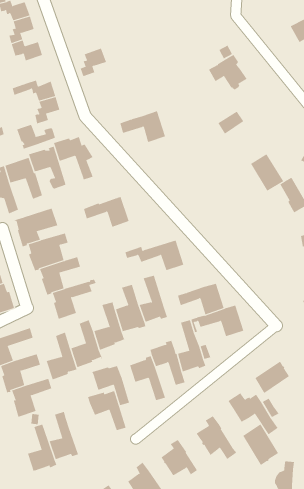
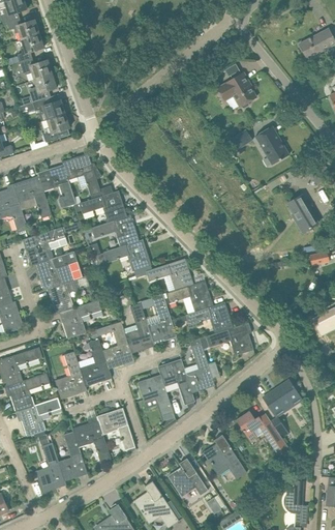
building: [80,48,107,77] -> [30,73,57,102]
building: [119,111,166,143] -> [80,190,126,223]
building: [16,124,56,150] -> none
building: [250,153,284,192] -> [255,126,290,165]
building: none -> [94,239,151,271]
building: none -> [166,281,213,312]
building: [92,366,130,406] -> [72,422,111,463]
building: [243,423,279,466] -> none

